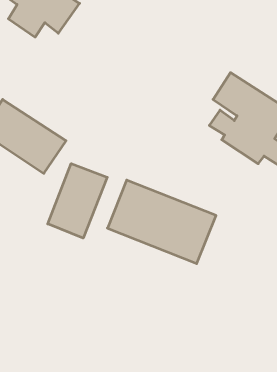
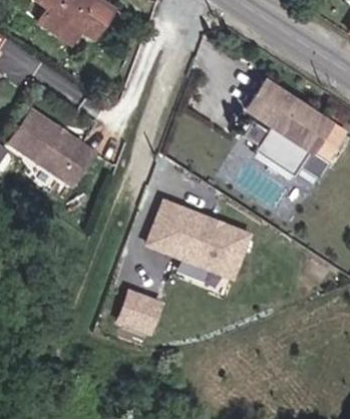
building: [48,164,107,238] -> none
building: none -> [116,288,166,335]

